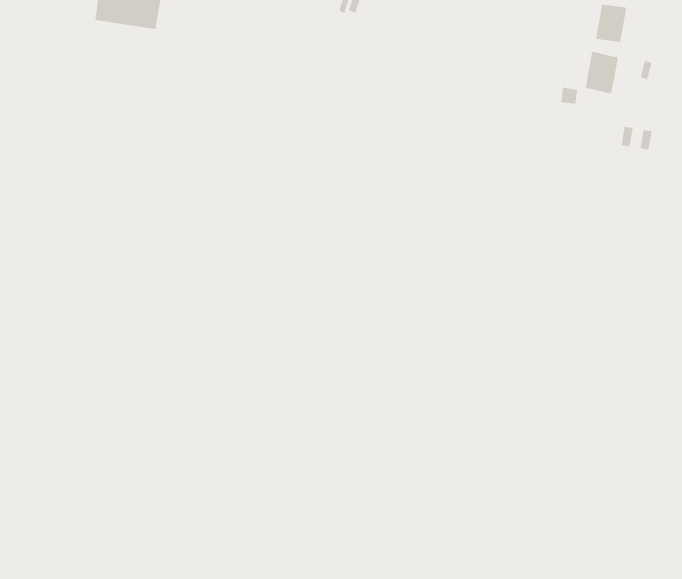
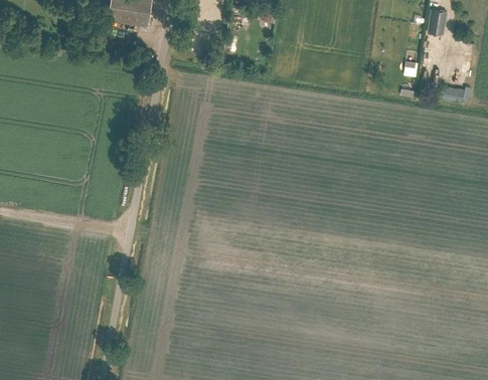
building: [585,51,618,95] -> none

